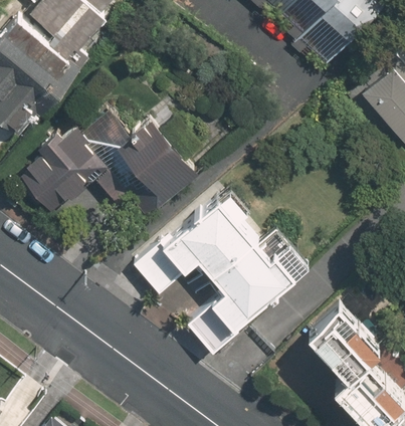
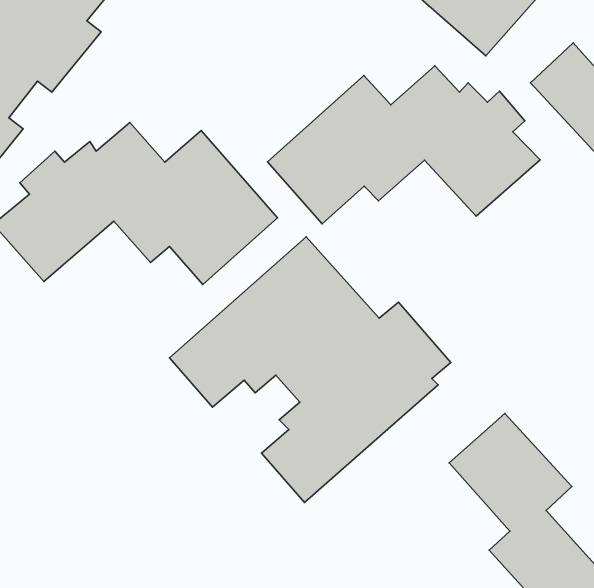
building: none -> [268,66,540,224]

